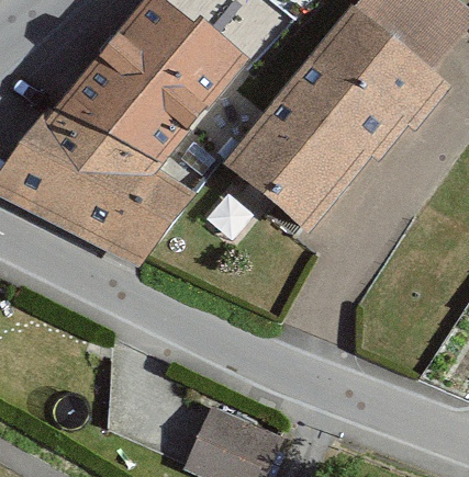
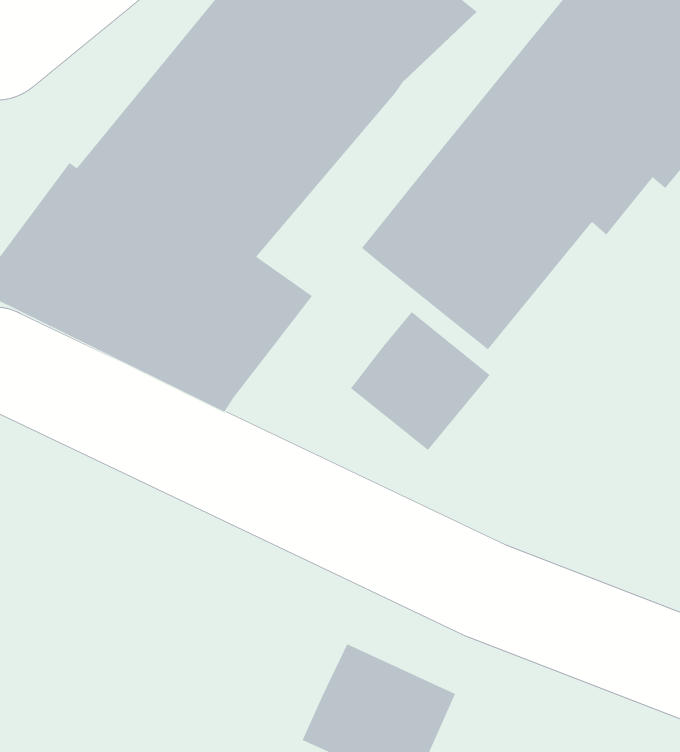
building: none -> [350,311,490,451]

